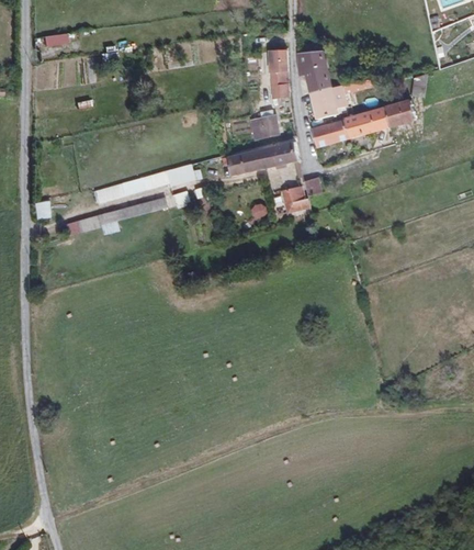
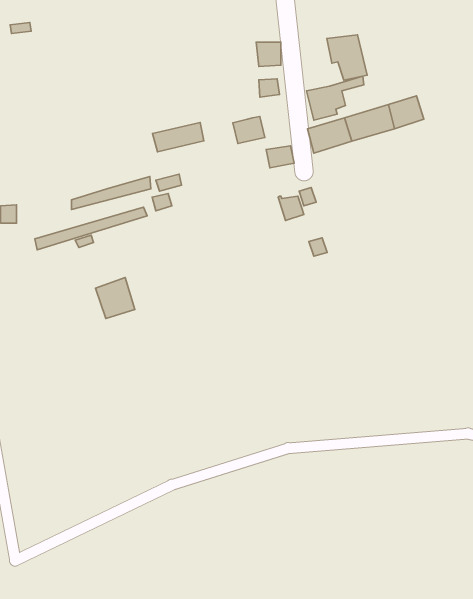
building: [296,53,332,93] -> [327,35,367,80]
building: [233,146,279,172] -> [152,122,204,152]
building: none -> [96,277,135,318]

